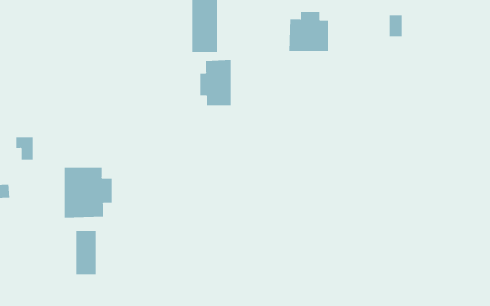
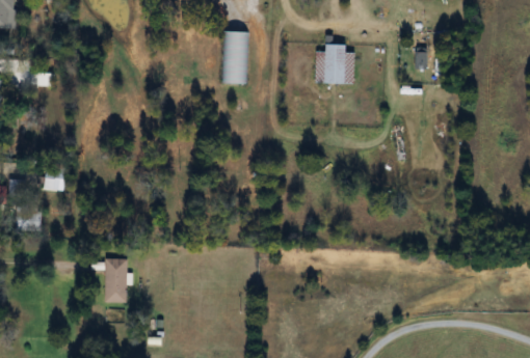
building: [200,59,231,106] -> none
building: [64,167,112,219] -> none

